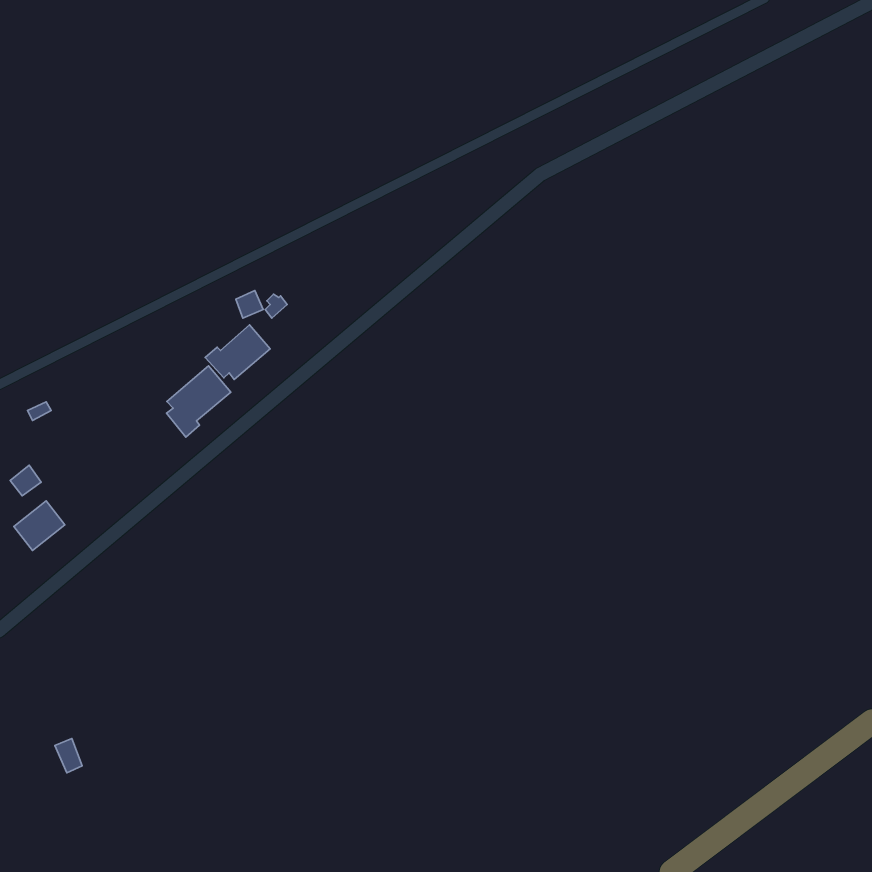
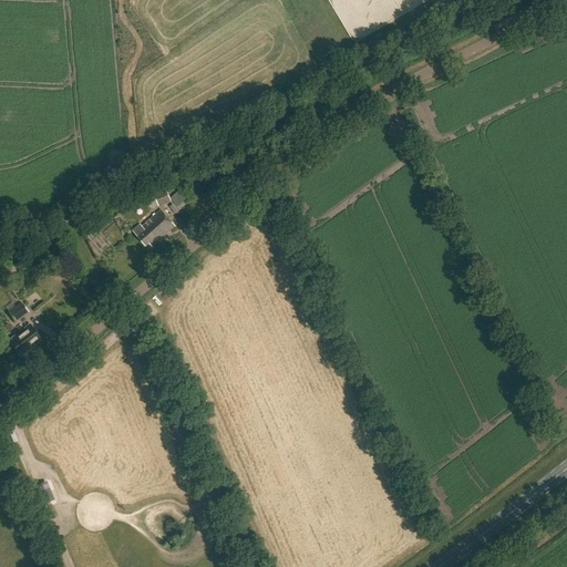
building: [167,366,231,437] -> none

